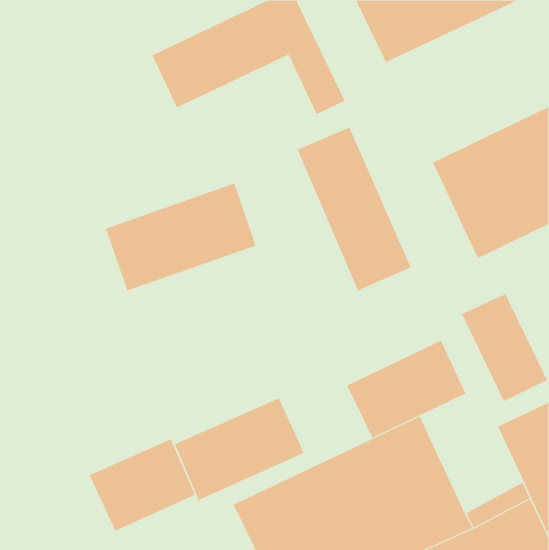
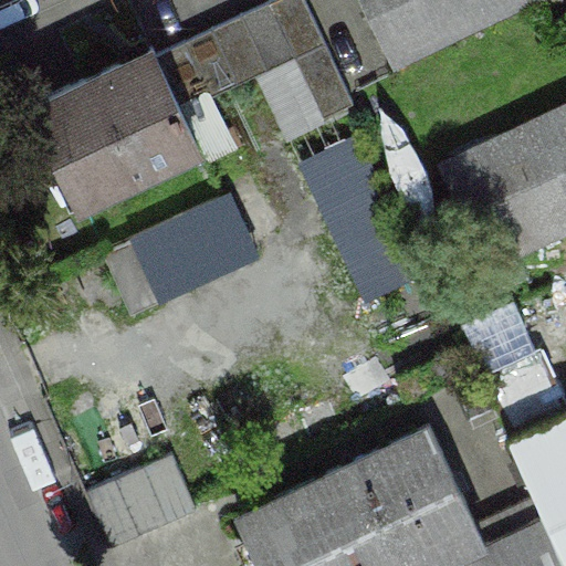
building: none -> [32,51,197,205]
building: [346,340,466,438] -> none
building: [174,397,305,501] -> none

